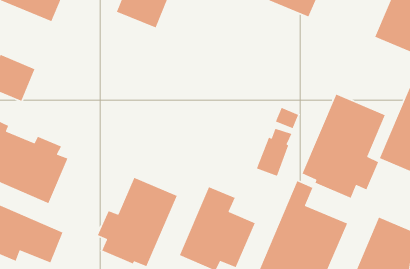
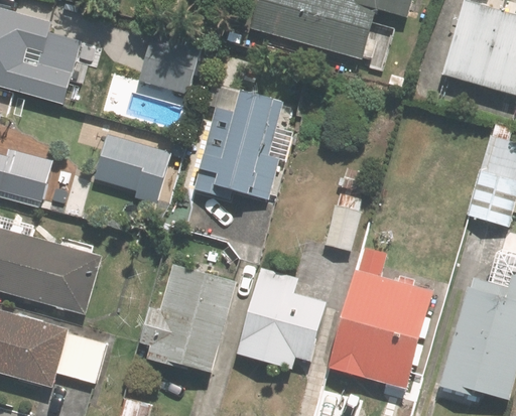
building: none -> [190,84,278,198]
building: none -> [91,118,175,201]
building: [302,93,386,199] -> none

